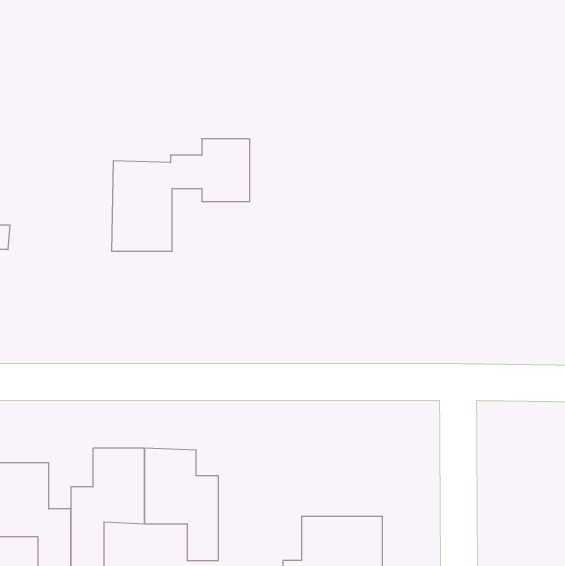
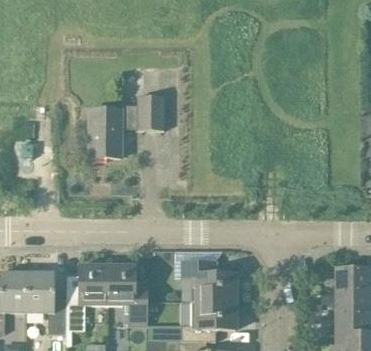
building: none -> [182,261,236,301]

